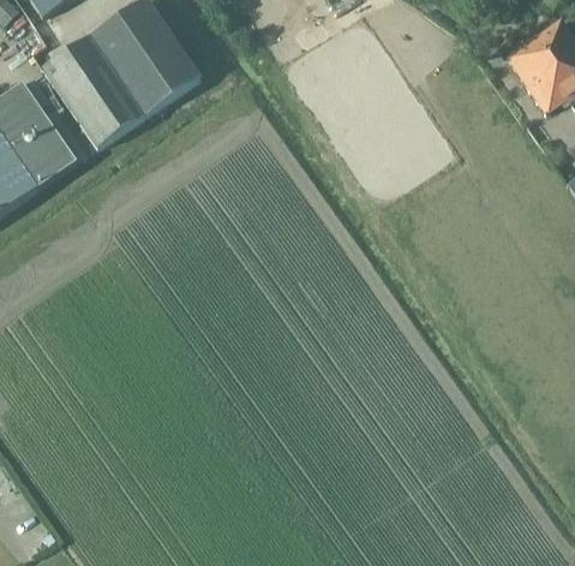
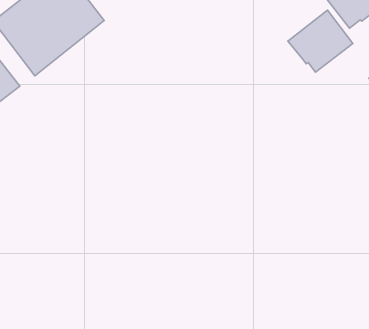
building: none -> [288,10,353,72]

